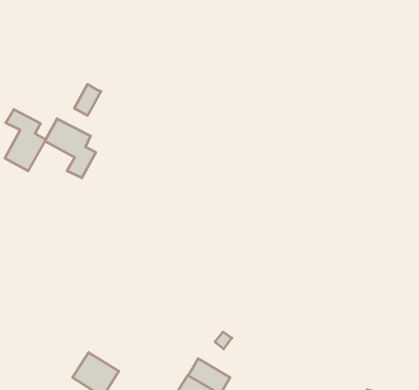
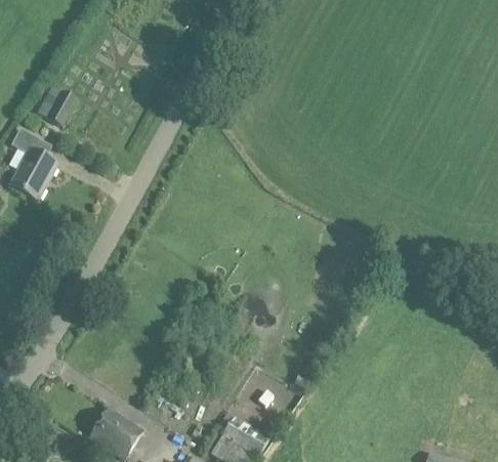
building: [74,84,101,115] -> [46,90,77,126]
building: [45,119,96,178] -> none

